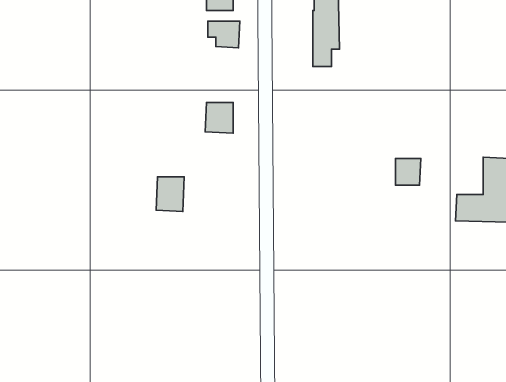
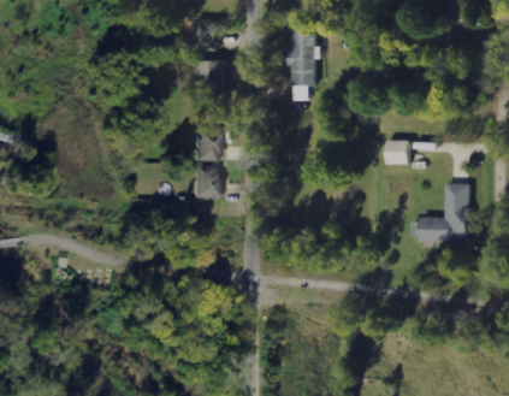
building: [395,158,421,185] -> [387,140,410,164]
building: [156,177,184,211] -> [194,167,219,199]

